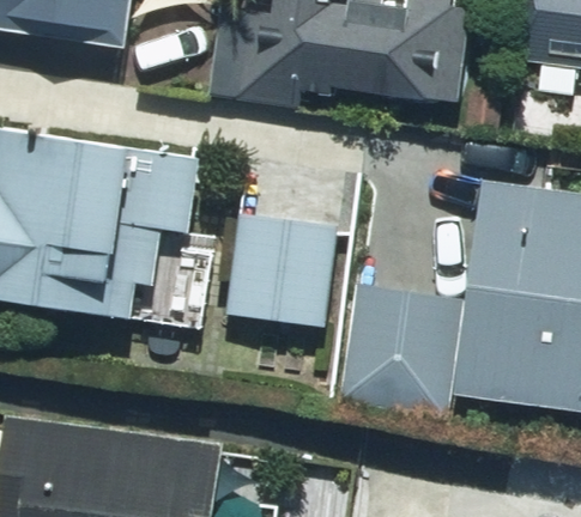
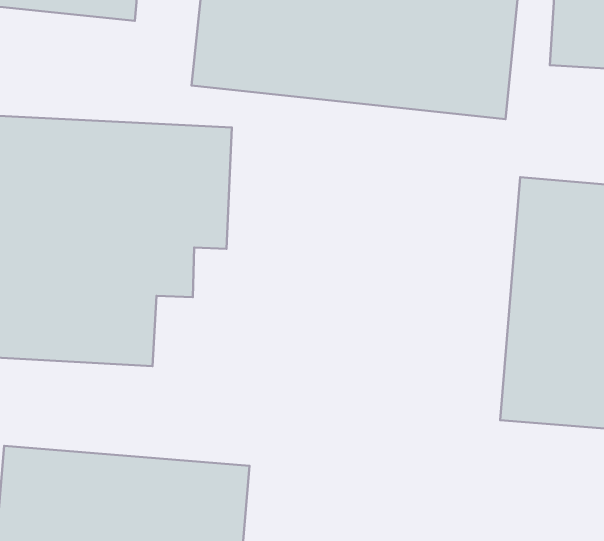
building: [231,189,351,324] -> none
building: [347,293,454,418] -> none

